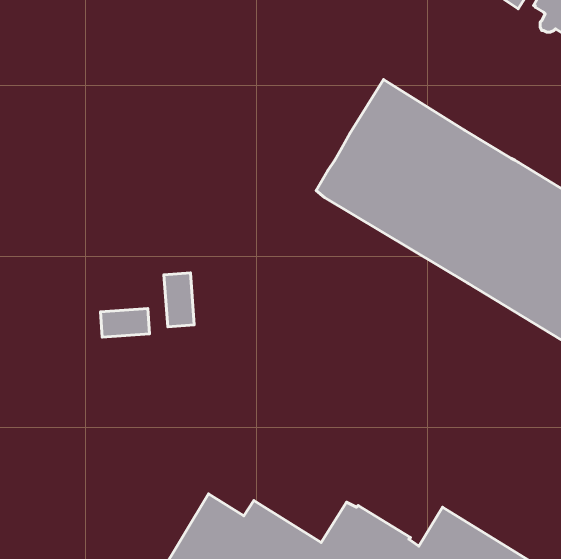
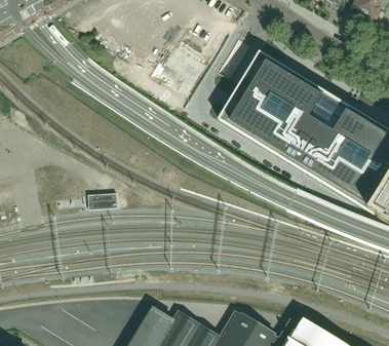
building: [164,273,194,327] -> none

